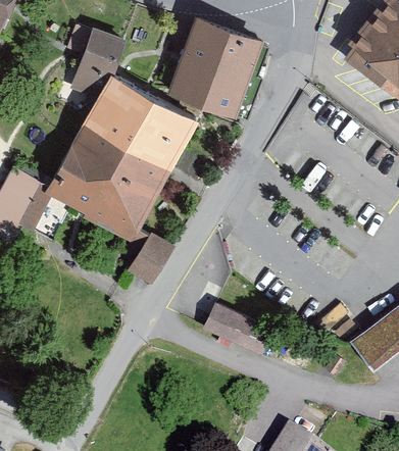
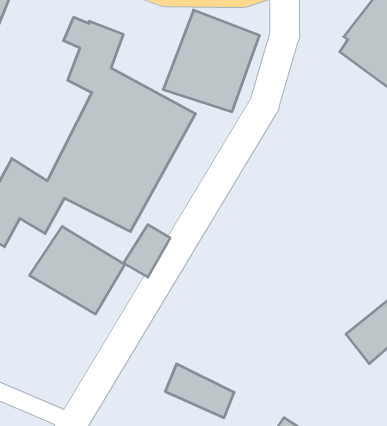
building: none -> [30,226,125,314]
building: [203,301,272,355] -> [165,364,234,418]

